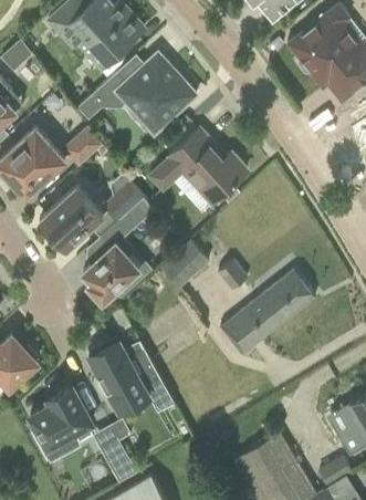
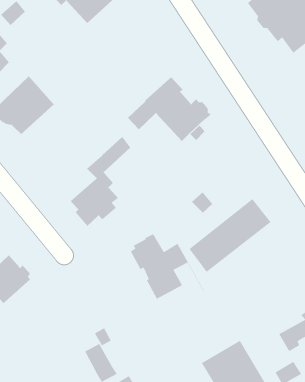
building: [77,53,197,135] -> none
building: [65,128,103,166] -> none
building: [105,184,143,220] -> none
building: [40,187,104,250] -> none
building: [161,241,209,288] -> none
building: [88,336,176,414] -> [130,233,205,300]
building: [30,386,94,450] -> none

